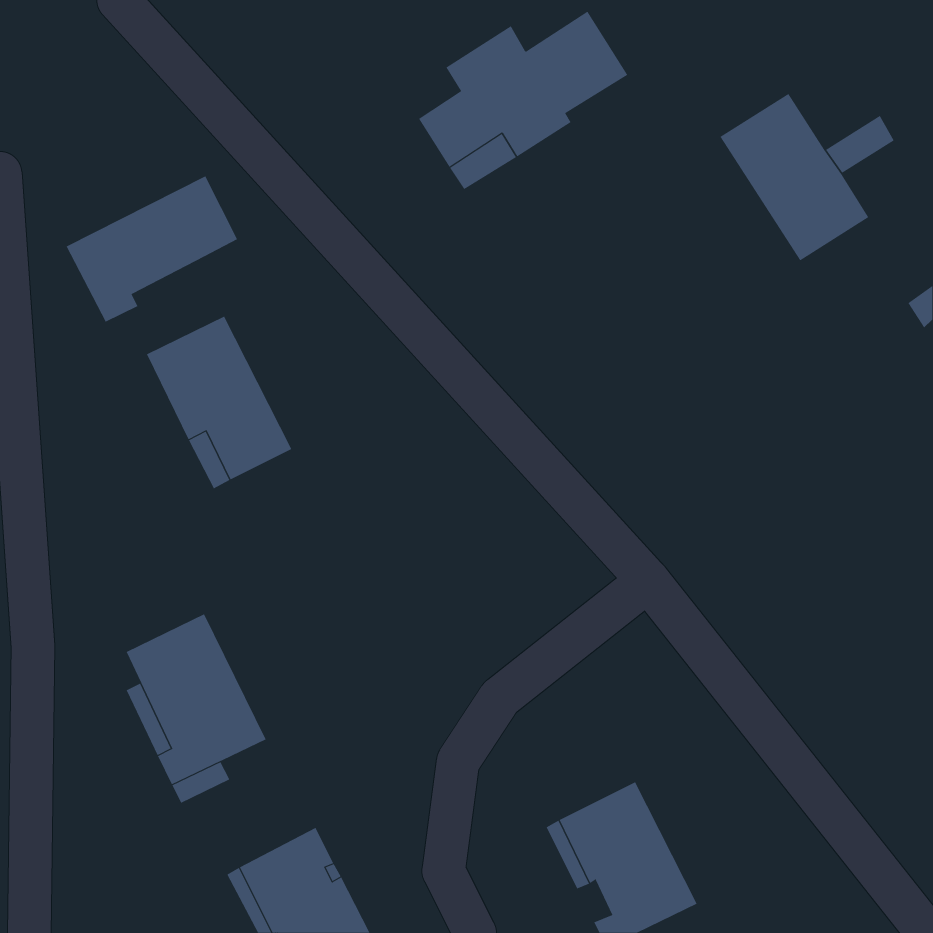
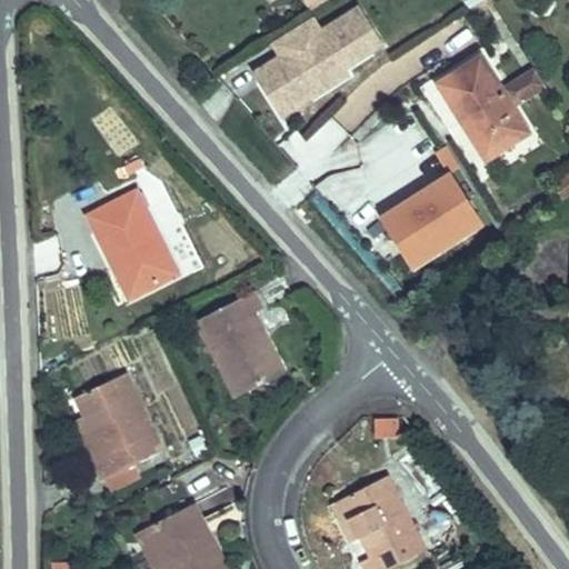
building: [66,176,238,323] -> none
building: none -> [377,172,486,274]
building: none -> [196,291,283,397]

